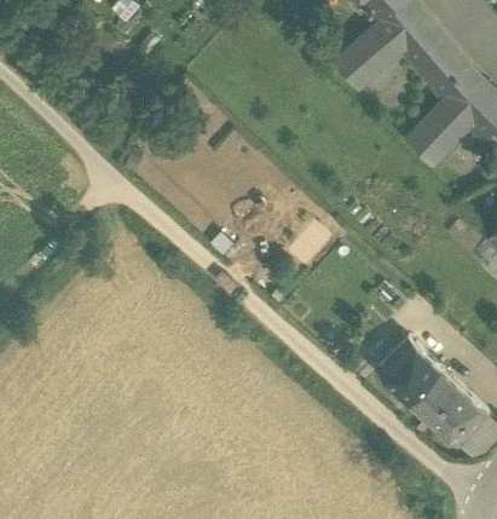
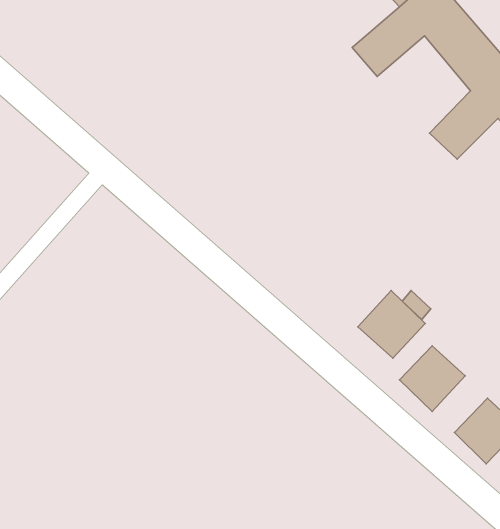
building: none -> [358,291,425,358]
building: [410,367,461,419] -> none

